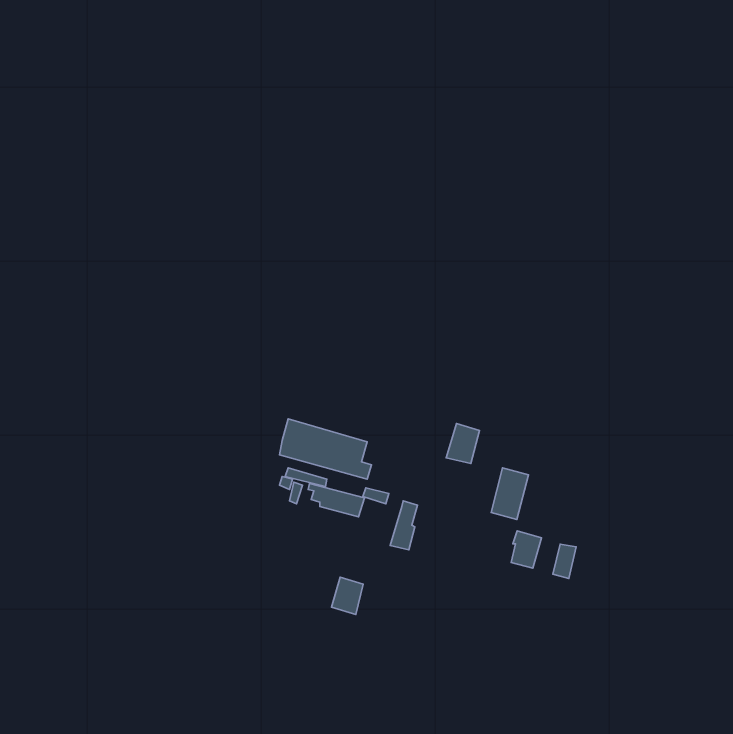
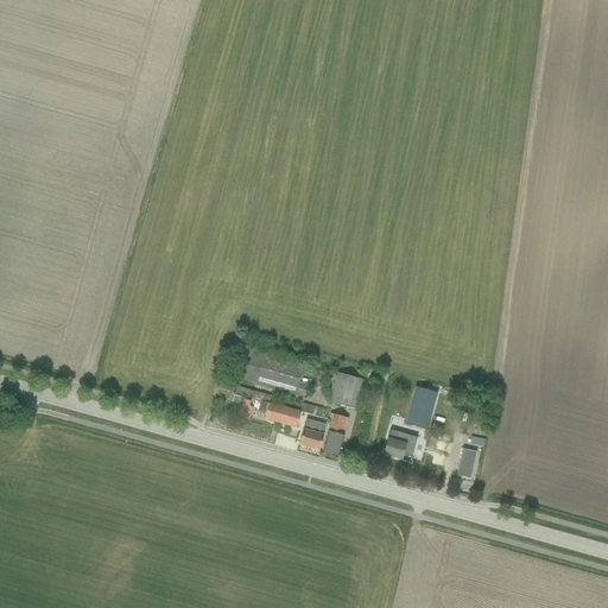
building: [446,423,479,464] -> [330,373,357,406]
building: [511,531,542,568] -> [385,428,410,458]
building: [331,577,363,614] -> [300,418,327,449]

